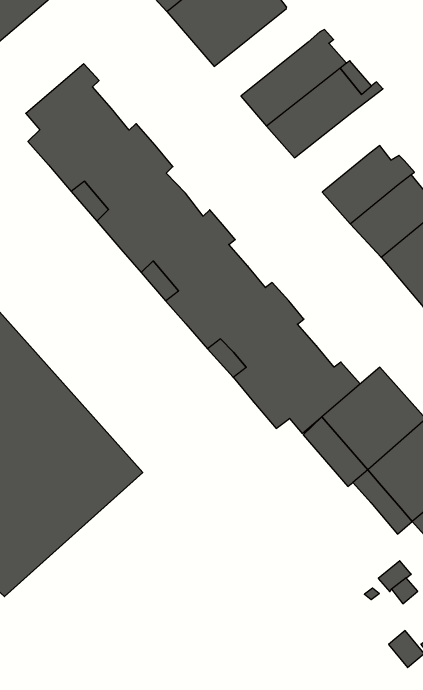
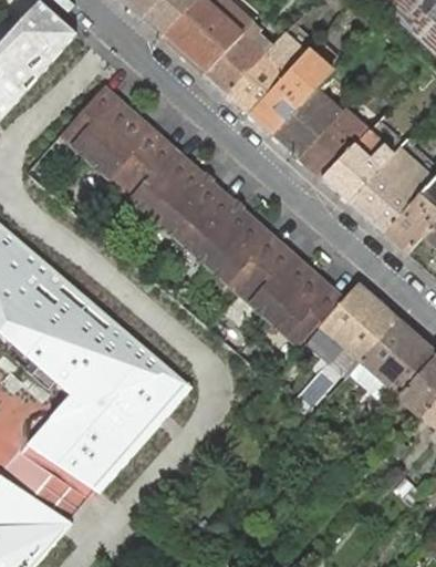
building: none -> [204,20,272,91]
building: none -> [273,86,340,155]

